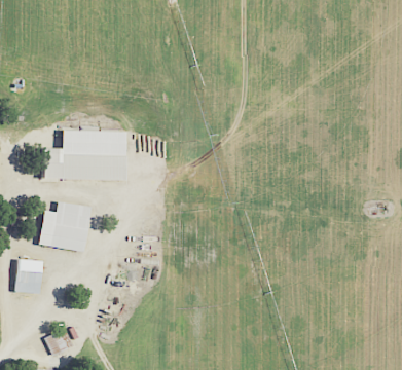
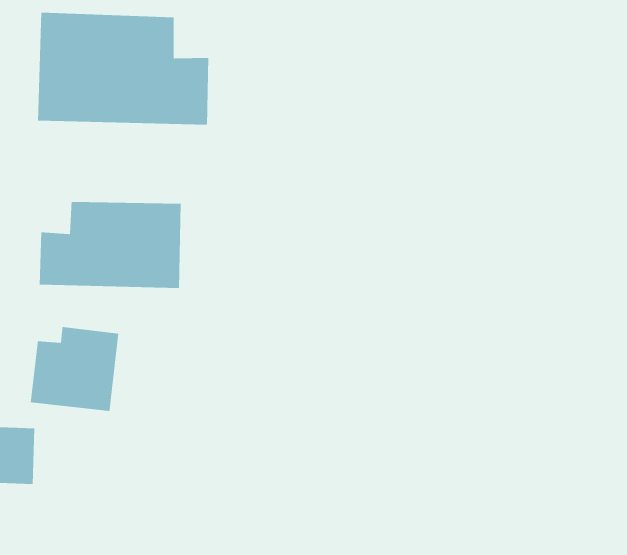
building: none -> [37,12,209,126]

